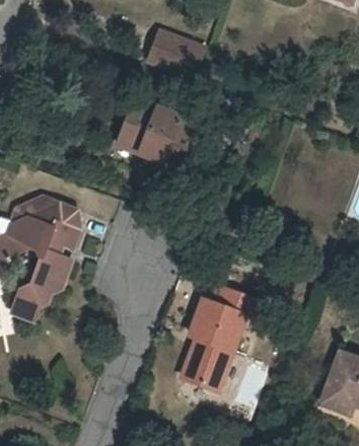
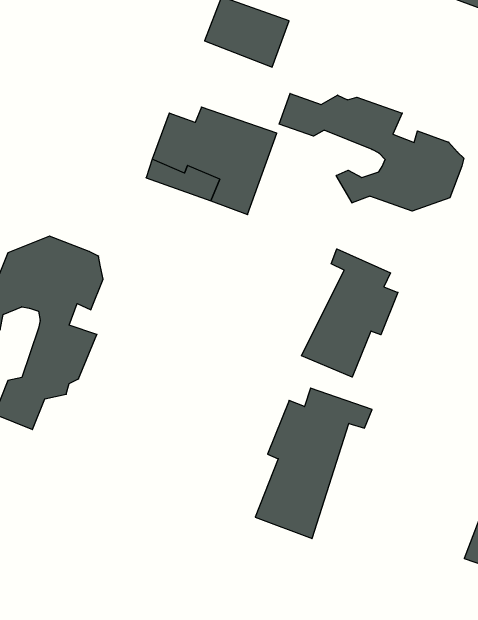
building: none -> [279,93,464,211]
building: none -> [301,249,398,377]

